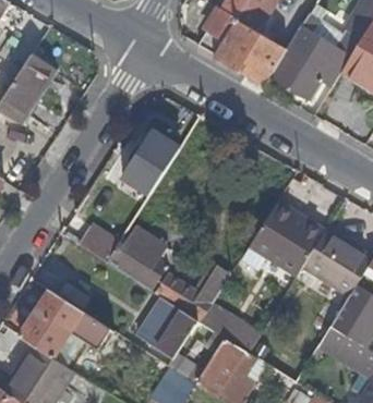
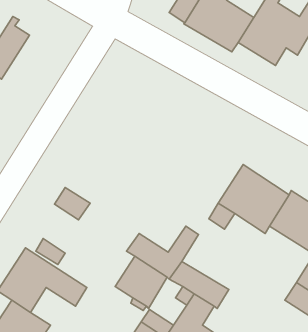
building: [123,131,181,193] -> none
building: [107,222,166,289] -> none

